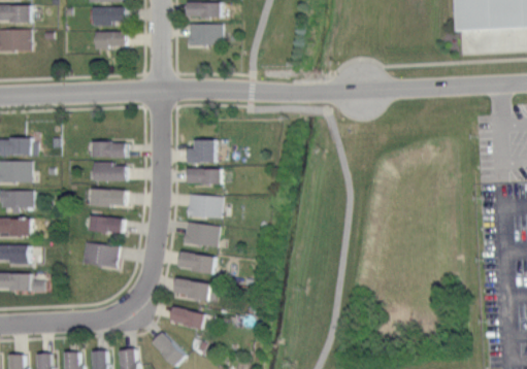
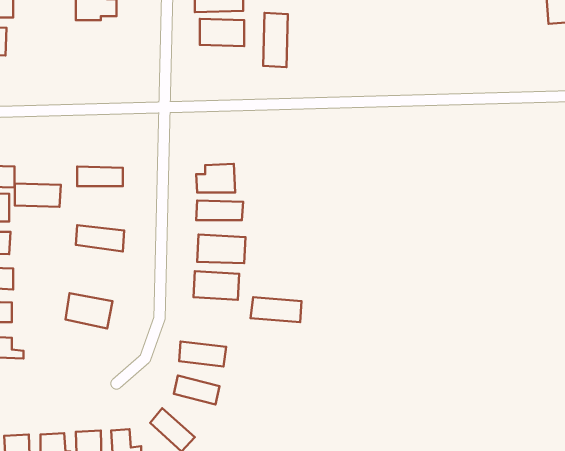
building: none -> [263,13,288,67]
building: [92,32,122,48] -> none
building: [91,162,127,180] -> [15,183,61,207]
building: [88,215,121,231] -> none
building: [174,251,215,271] -> [250,297,301,322]

